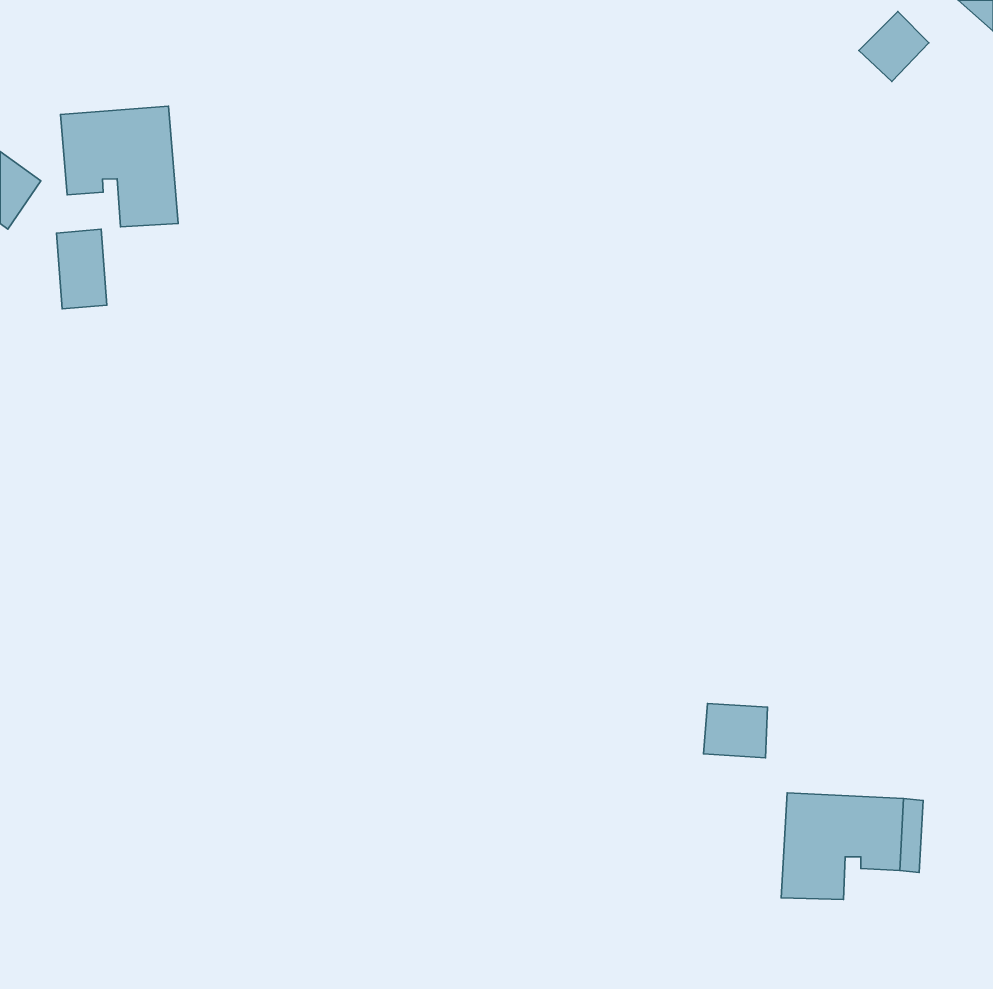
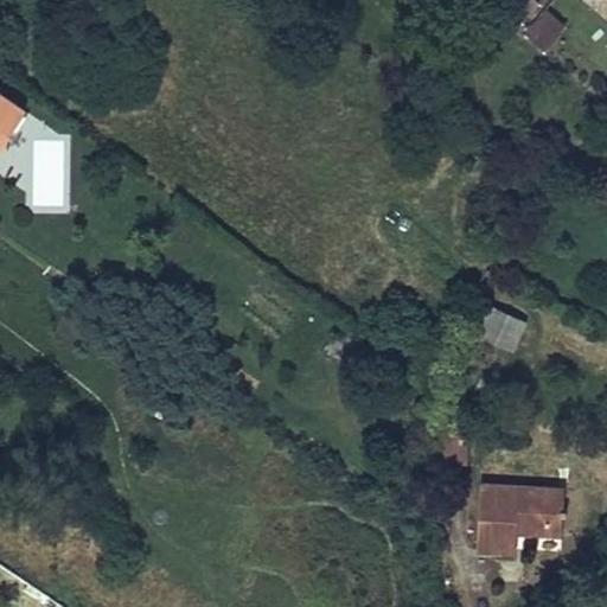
building: [61,106,178,227] -> none
building: none -> [471,305,525,352]

